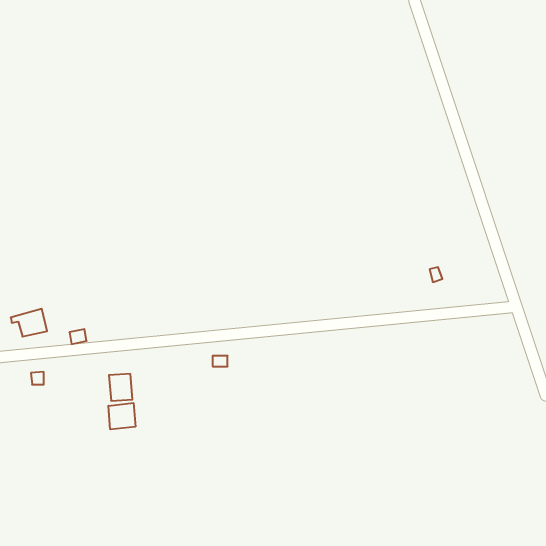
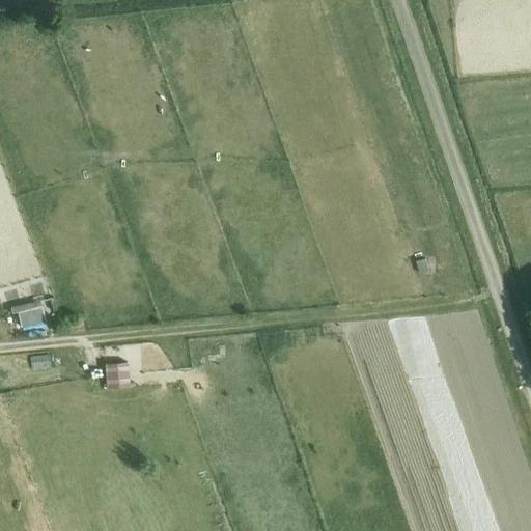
building: [108,403,135,429] -> none

